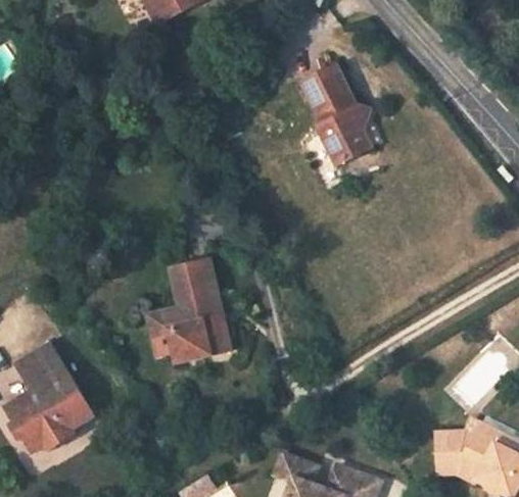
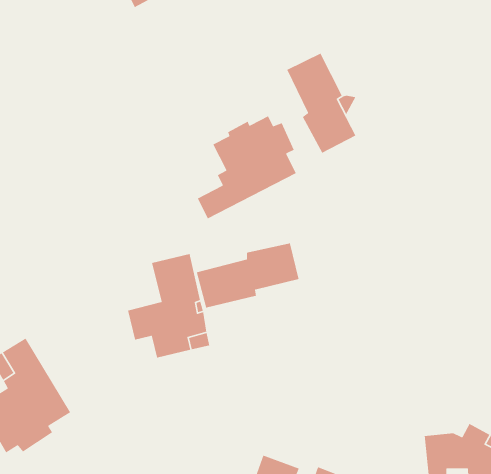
building: none -> [197,115,297,219]
building: none -> [196,242,299,308]

